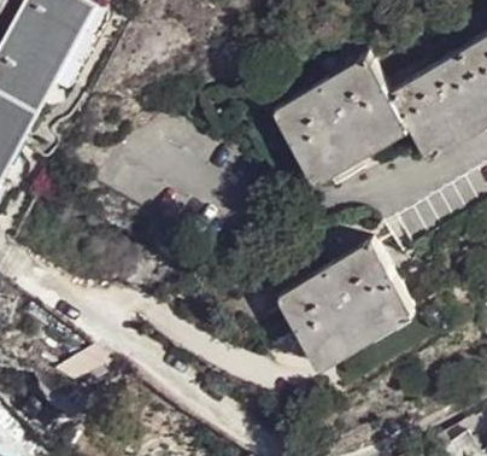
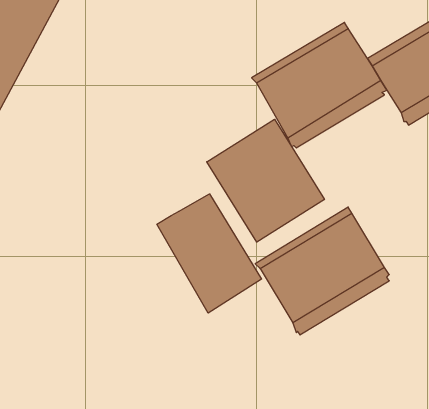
building: none -> [207,119,324,242]
building: none -> [157,194,262,313]

